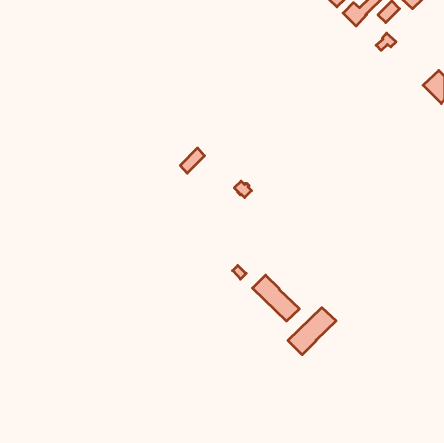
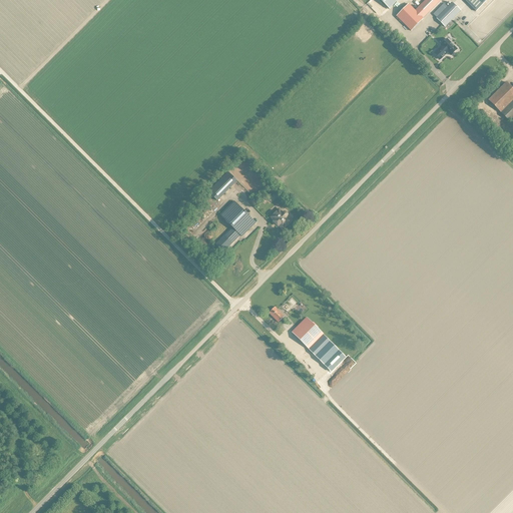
building: none -> [215,200,255,250]
building: [288,308,336,355] -> none

